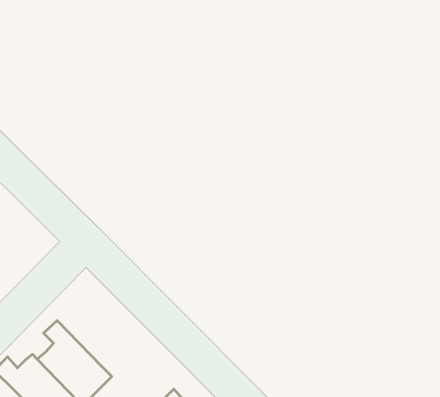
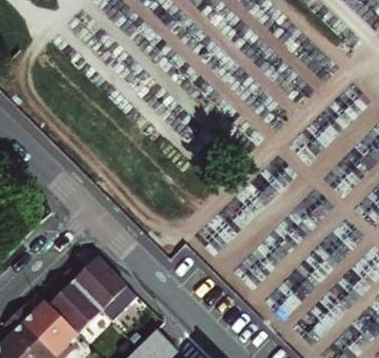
building: none -> [62,256,124,311]

